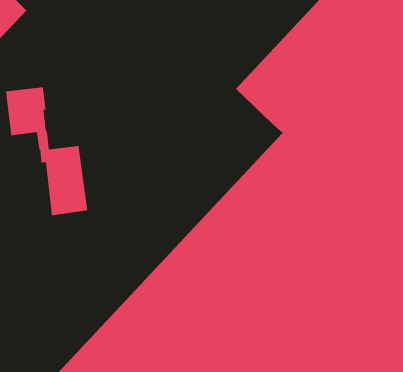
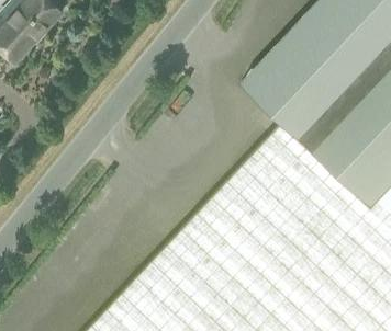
building: [5,87,88,216] -> none

